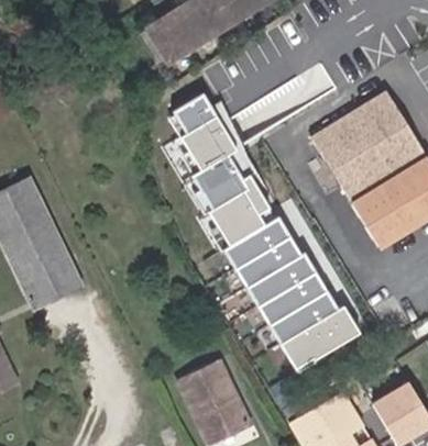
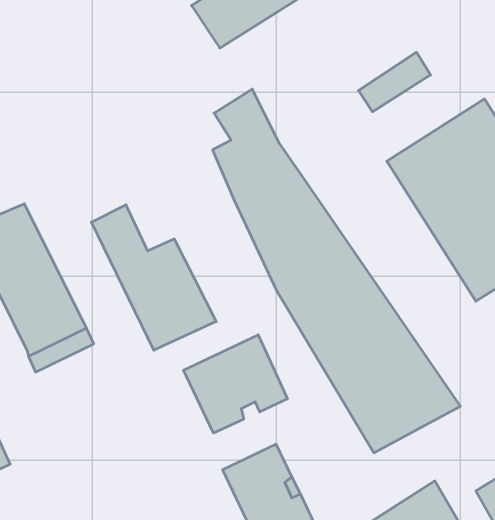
building: none -> [91,205,216,350]
building: none -> [184,335,287,433]

